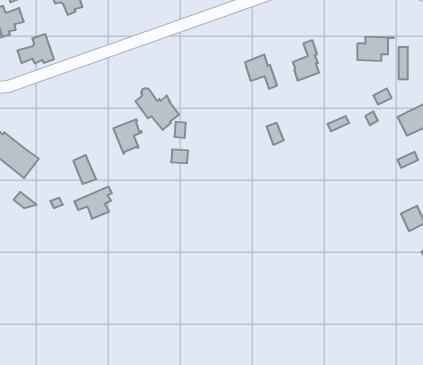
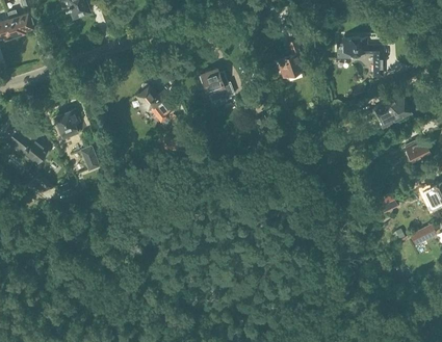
building: [17,34,54,64] -> none
building: [245,54,277,89] -> [200,69,229,100]
building: [113,119,142,154] -> [55,109,81,140]
building: [74,187,112,219] -> none

